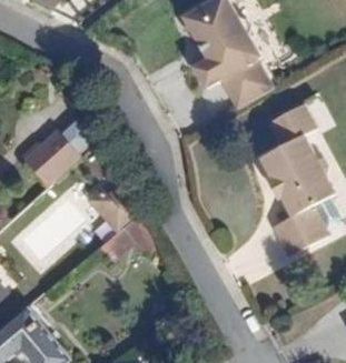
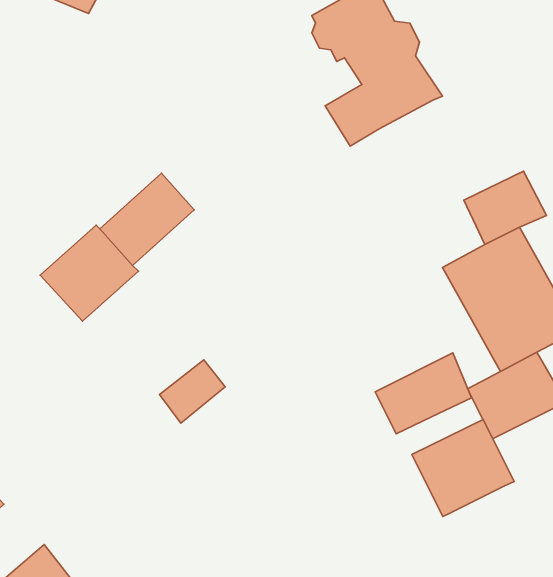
building: [221,59,270,104] -> none
building: none -> [375,353,471,434]
building: none -> [412,420,514,516]

